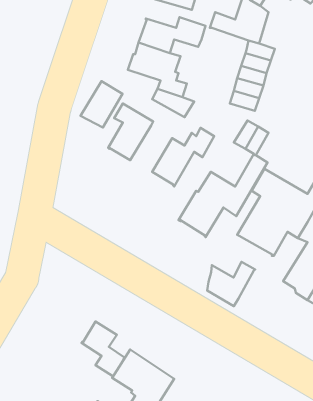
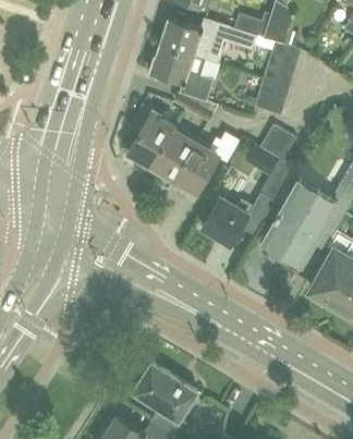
building: [81,81,123,127] -> [151,131,195,179]
building: [207,262,255,306] -> none
building: [81,322,125,376] -> none

